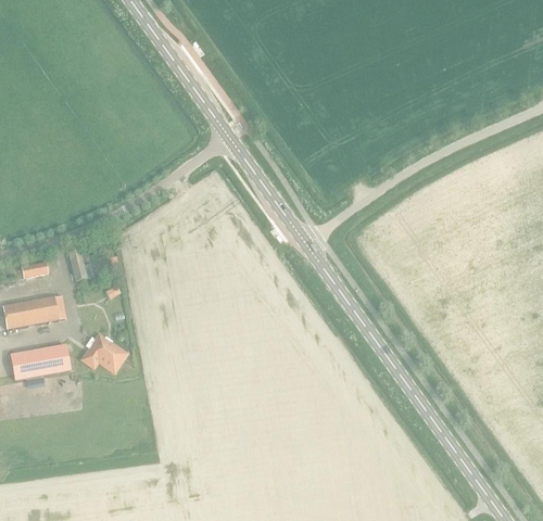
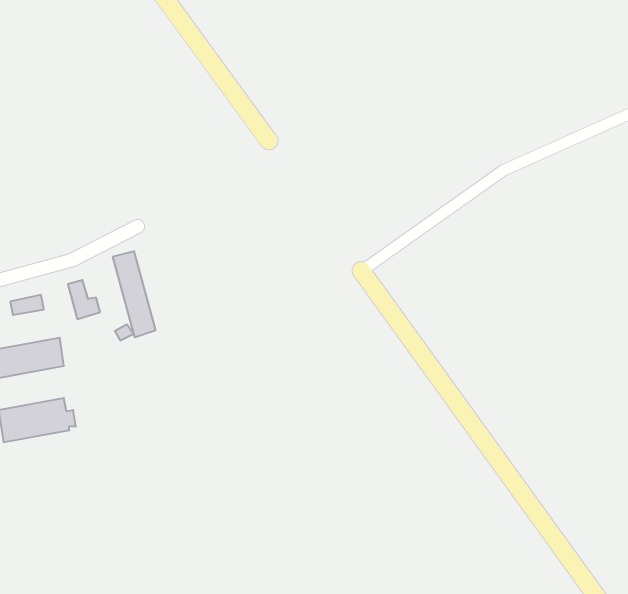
building: none -> [113,251,155,337]
building: [81,334,126,367] -> none

